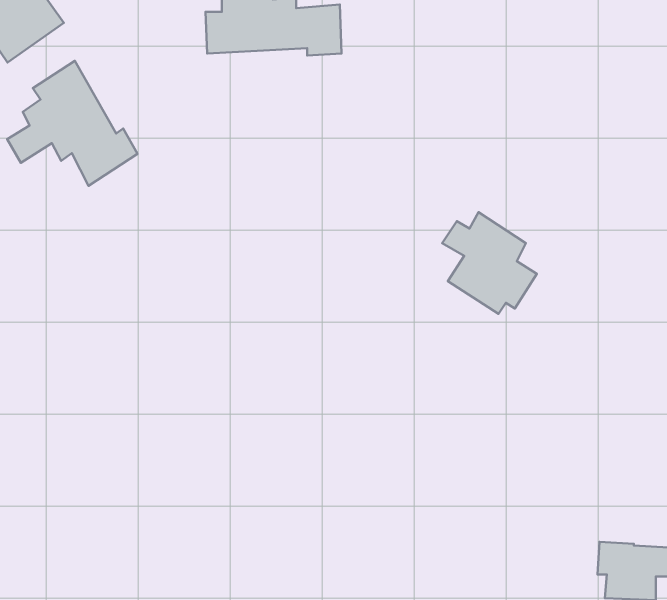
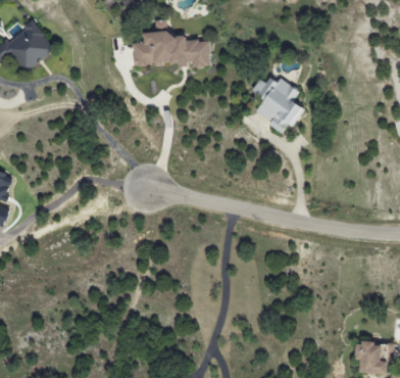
building: [7,61,138,186] -> none
building: [442,212,537,314] -> [251,74,304,131]

